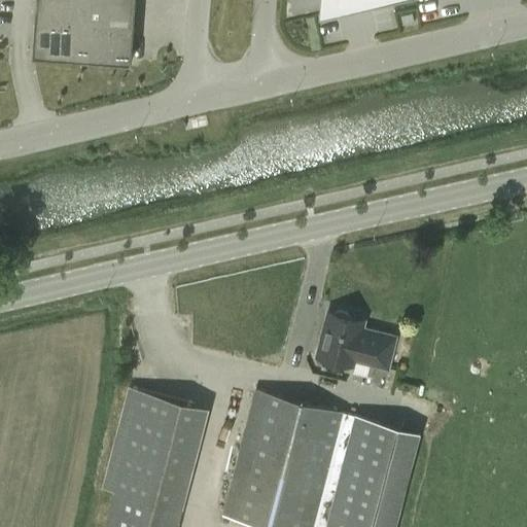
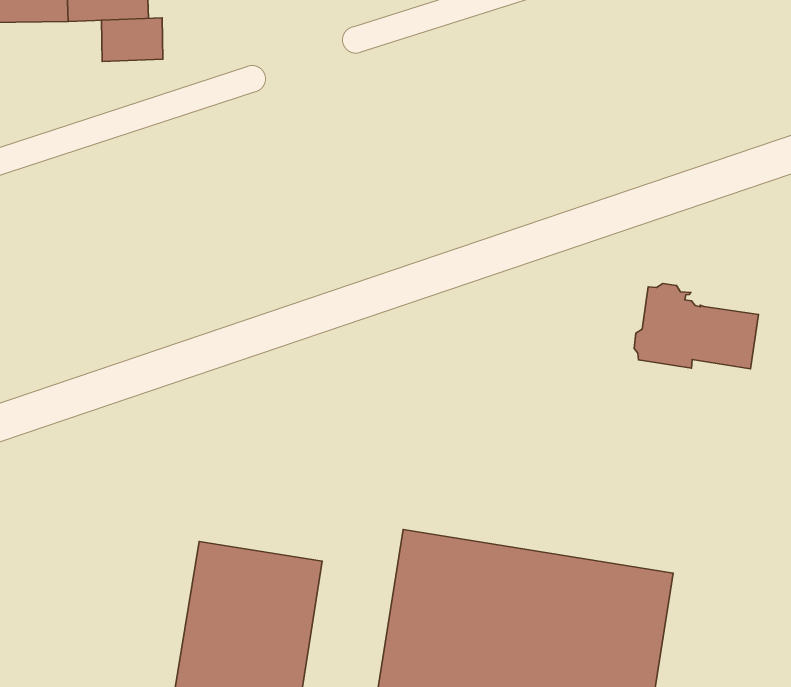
building: none -> [101,18,163,61]
building: [317,314,395,372] -> [634,284,758,369]

